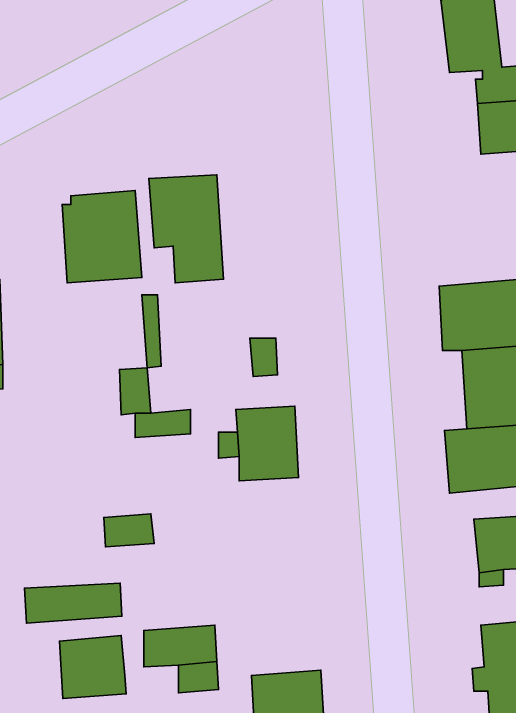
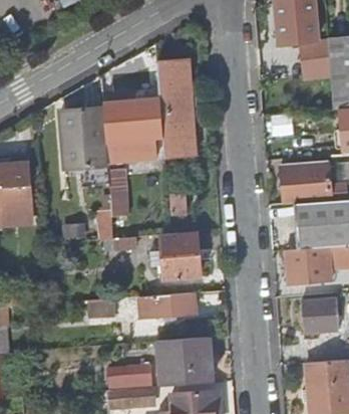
building: none -> [159,65,196,159]
building: none -> [158,336,212,383]
building: [25,583,122,623] -> [141,293,198,317]
building: [60,635,126,698] -> none

